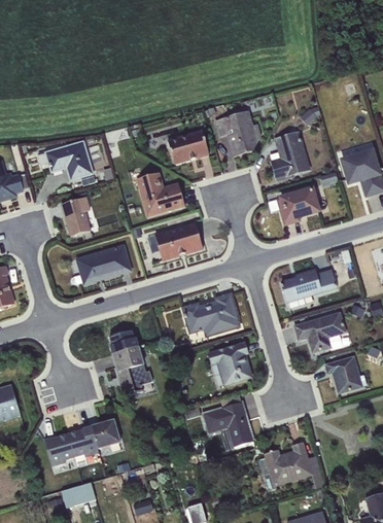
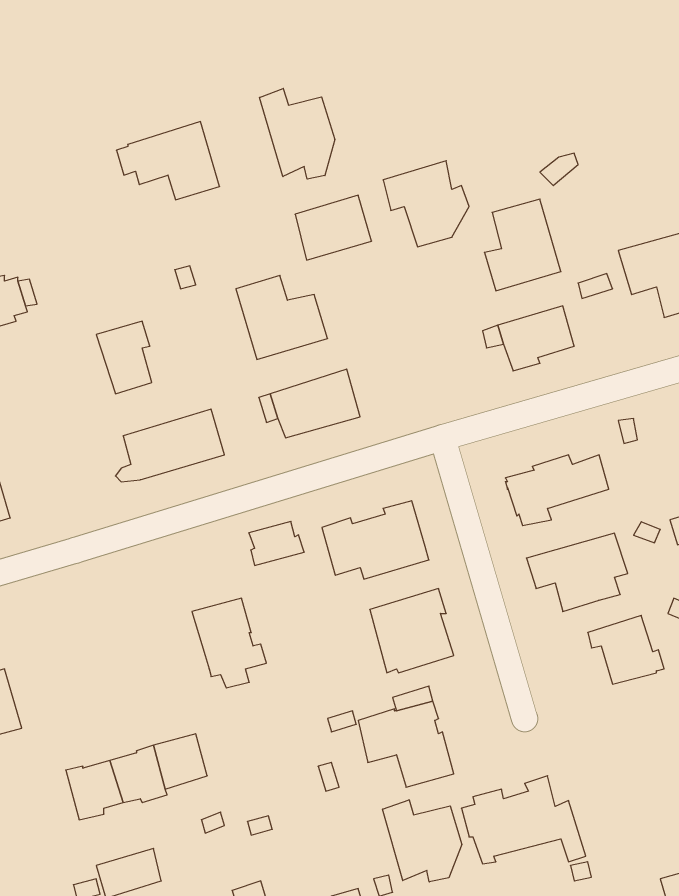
building: none -> [260,88,335,179]
building: [38,139,94,181] -> [116,122,220,200]
building: [109,329,139,353] -> [249,521,304,565]
building: none -> [383,800,462,882]

